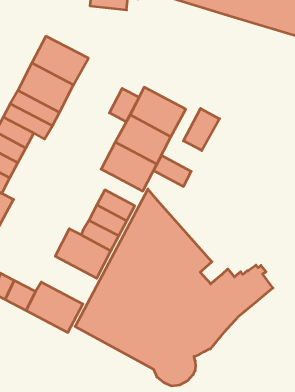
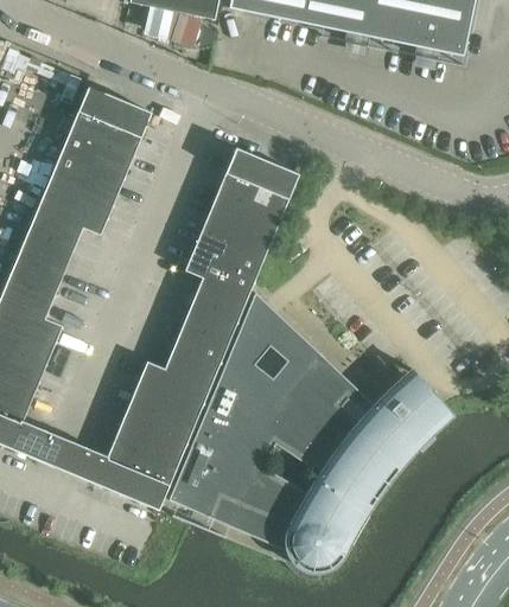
building: [109,88,139,122] -> none
building: [183,108,220,151] -> none
building: [154,156,191,186] -> [193,276,248,318]
building: none -> [114,401,193,466]

